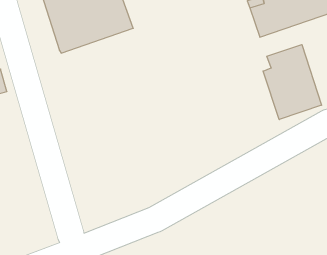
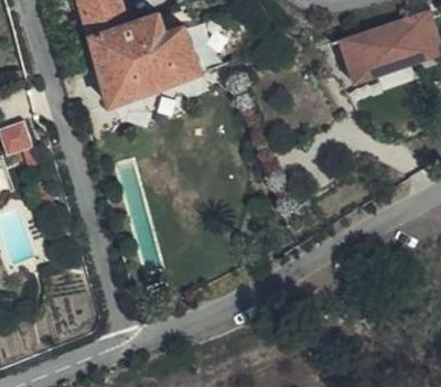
building: [263,45,322,120] -> none

